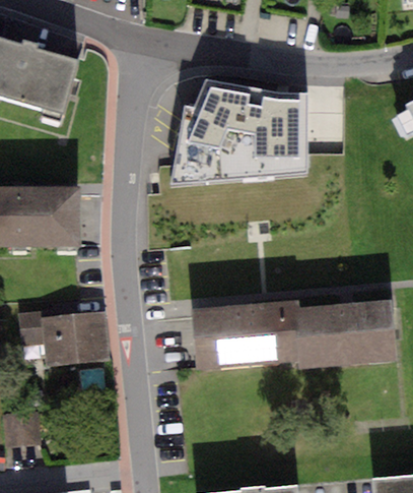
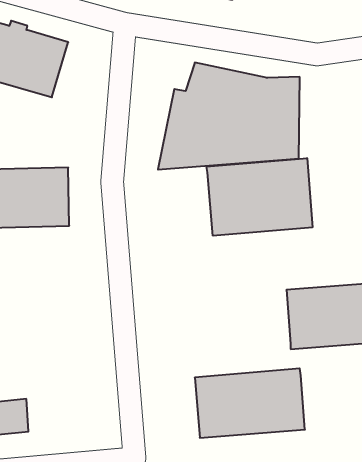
building: none -> [206,158,312,236]
building: [191,299,300,368] -> [195,368,305,438]
building: [18,311,111,366] -> none

